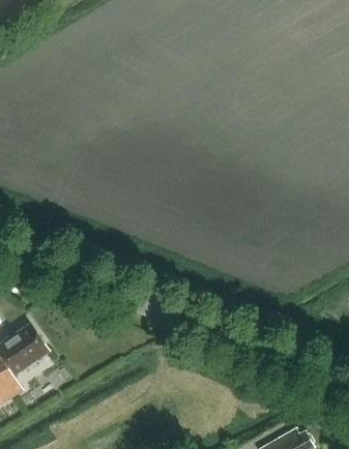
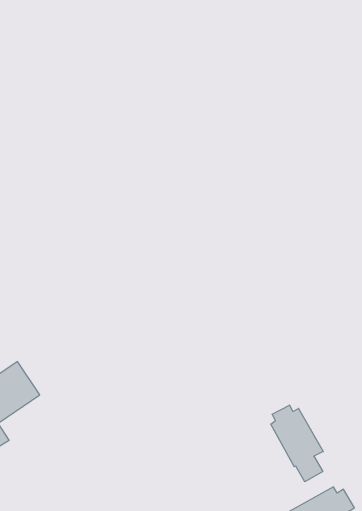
building: none -> [271,405,323,482]

